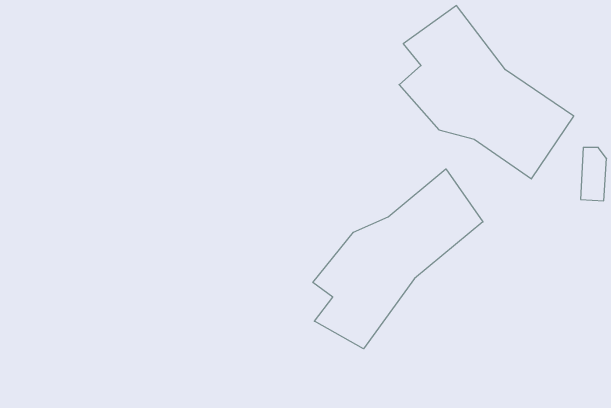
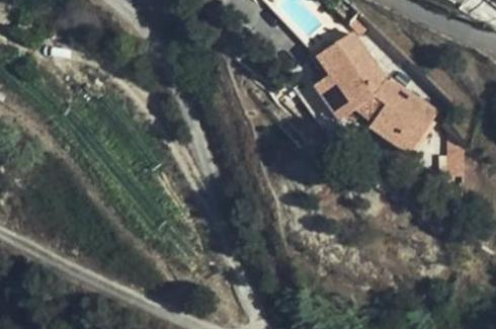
building: [313,169,483,349] -> none

